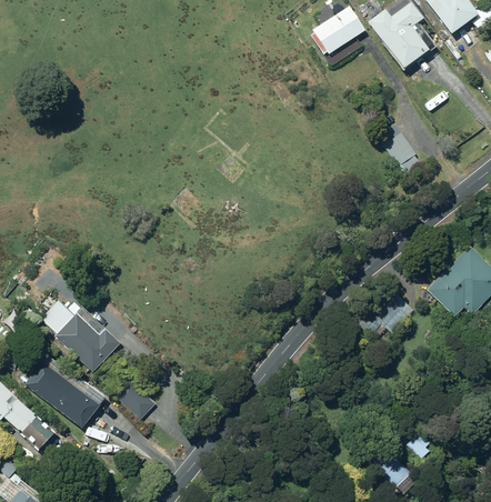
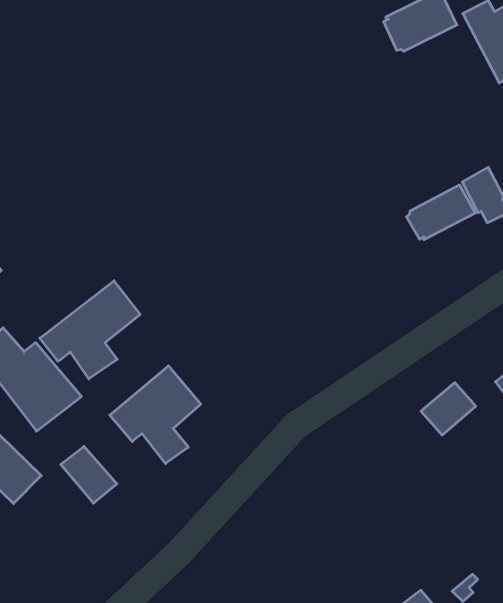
building: none -> [406,185,475,240]
building: none -> [40,281,140,379]
building: none -> [110,366,201,464]

